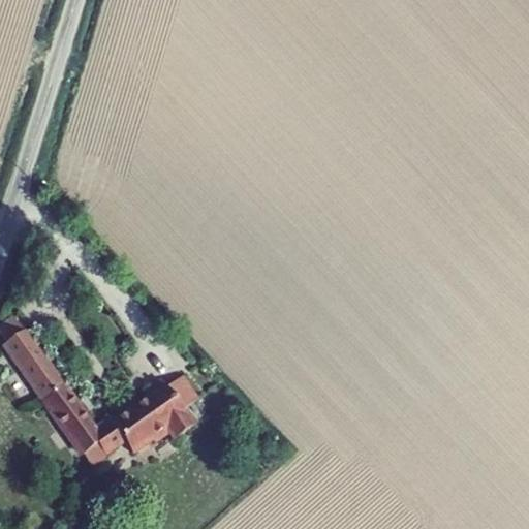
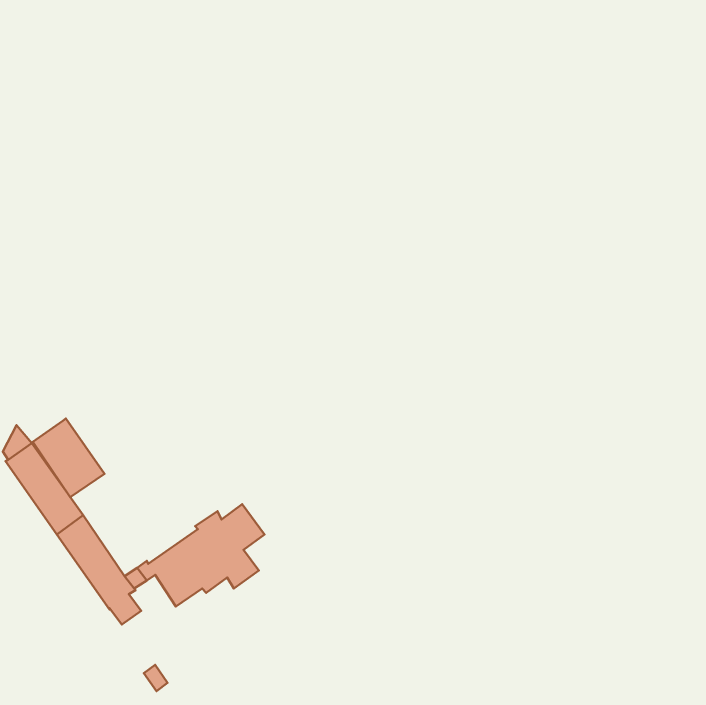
building: none -> [33,418,105,497]

